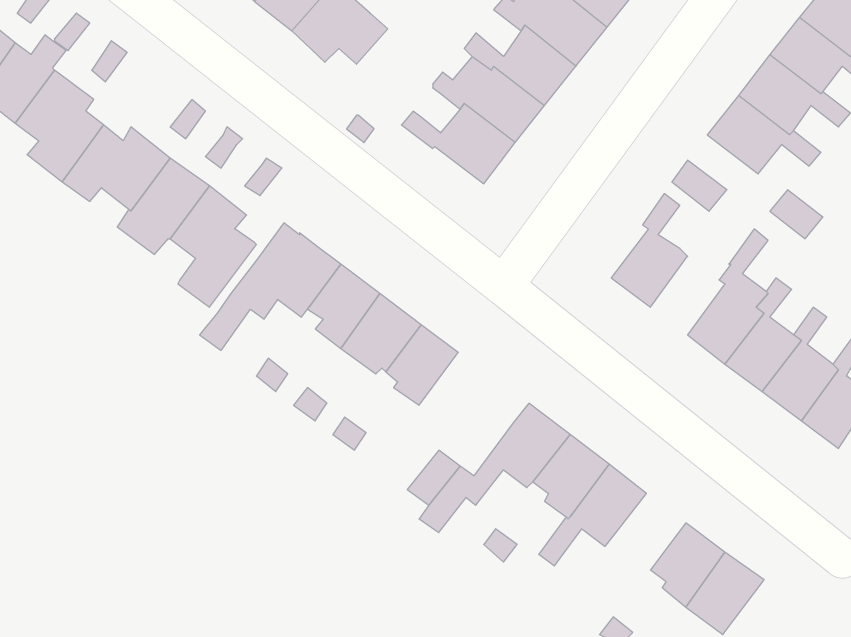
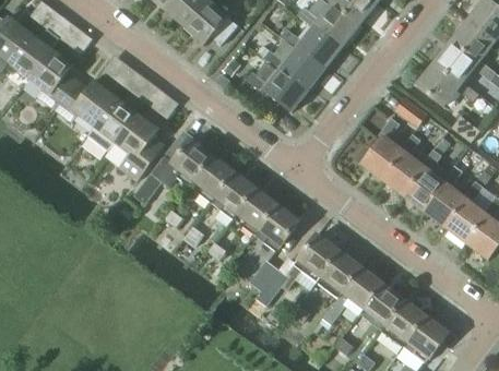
building: none -> [384,132,429,195]
building: none -> [256,205,299,251]
building: none -> [359,284,404,330]

